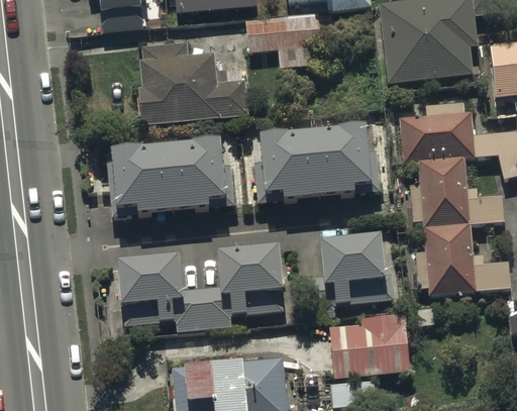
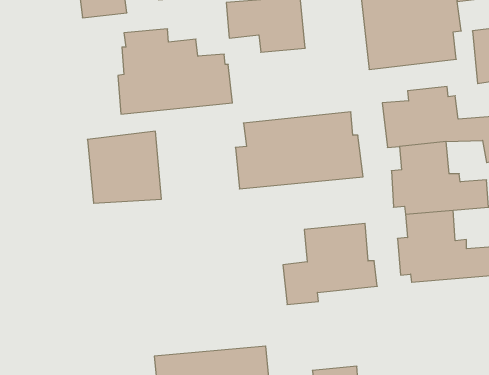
building: [174,139,228,212] -> none
building: [116,247,285,330] -> none
building: [328,314,410,377] -> none

